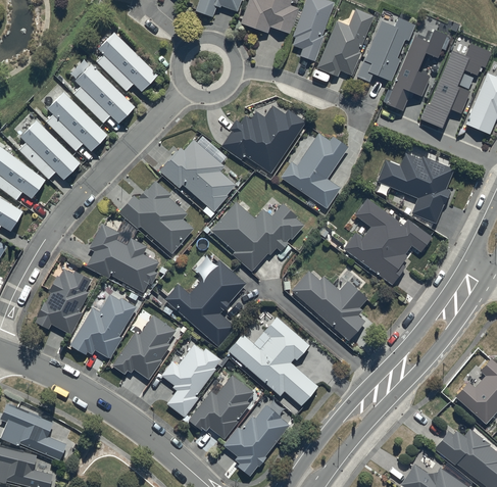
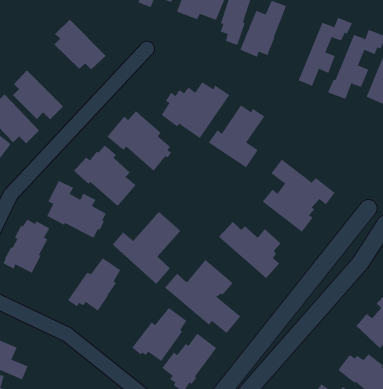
building: [355,17,414,83] -> none
building: [72,62,135,124] -> none
building: [376,152,454,224] -> none
building: [203,201,304,271] -> none
building: [69,293,136,358] -> none
building: [161,343,220,417] -> none

